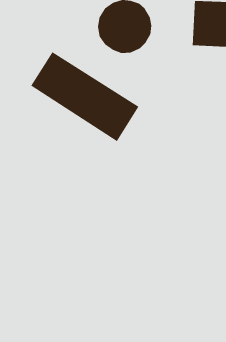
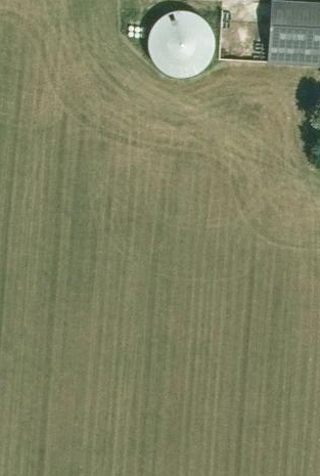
building: [30,51,140,142] -> none

